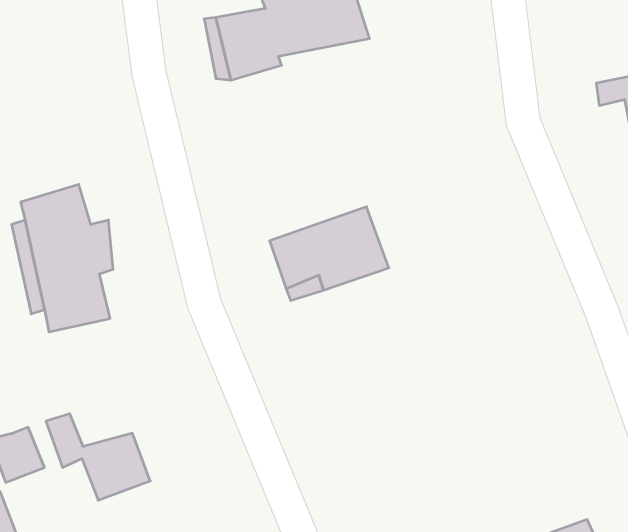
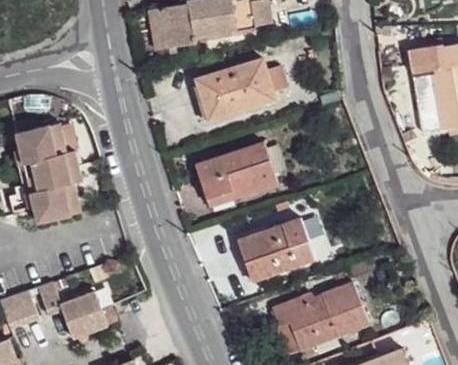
building: none -> [201,59,274,121]
building: none -> [239,223,318,282]
building: none -> [268,280,364,347]

